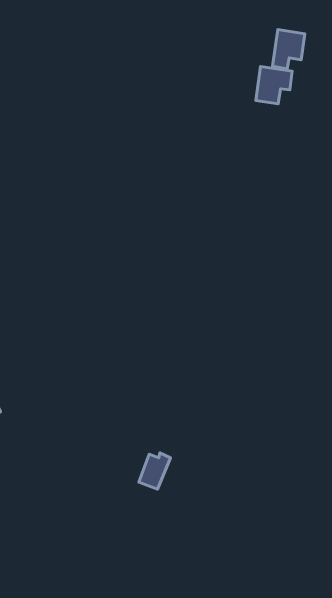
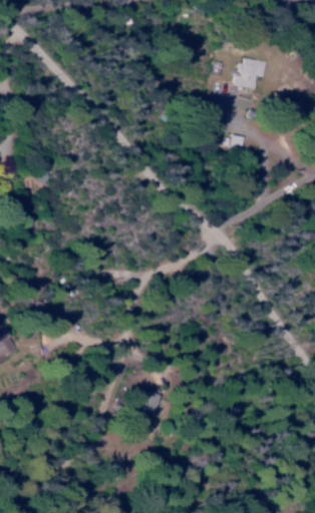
building: [272,29,305,69] -> none

